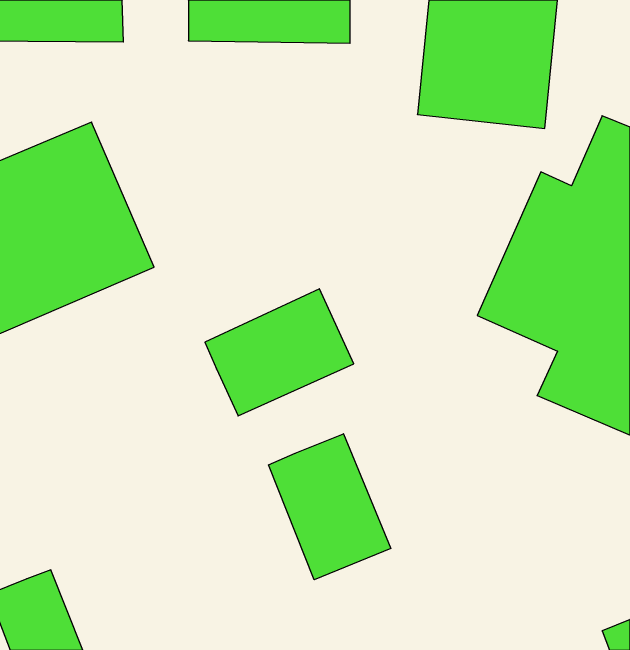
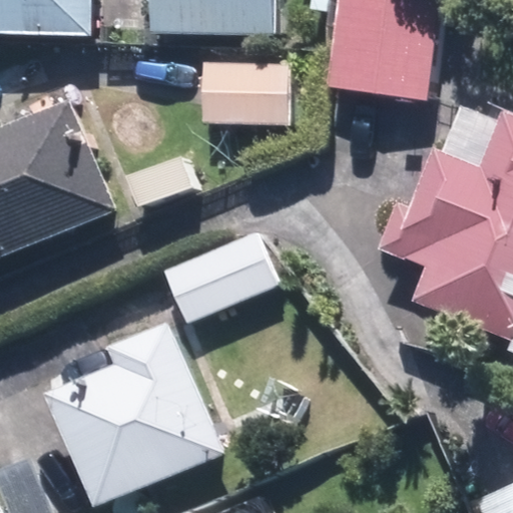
building: none -> [199,62,292,128]
building: none -> [55,321,225,503]
building: [269,434,391,580] -> none

